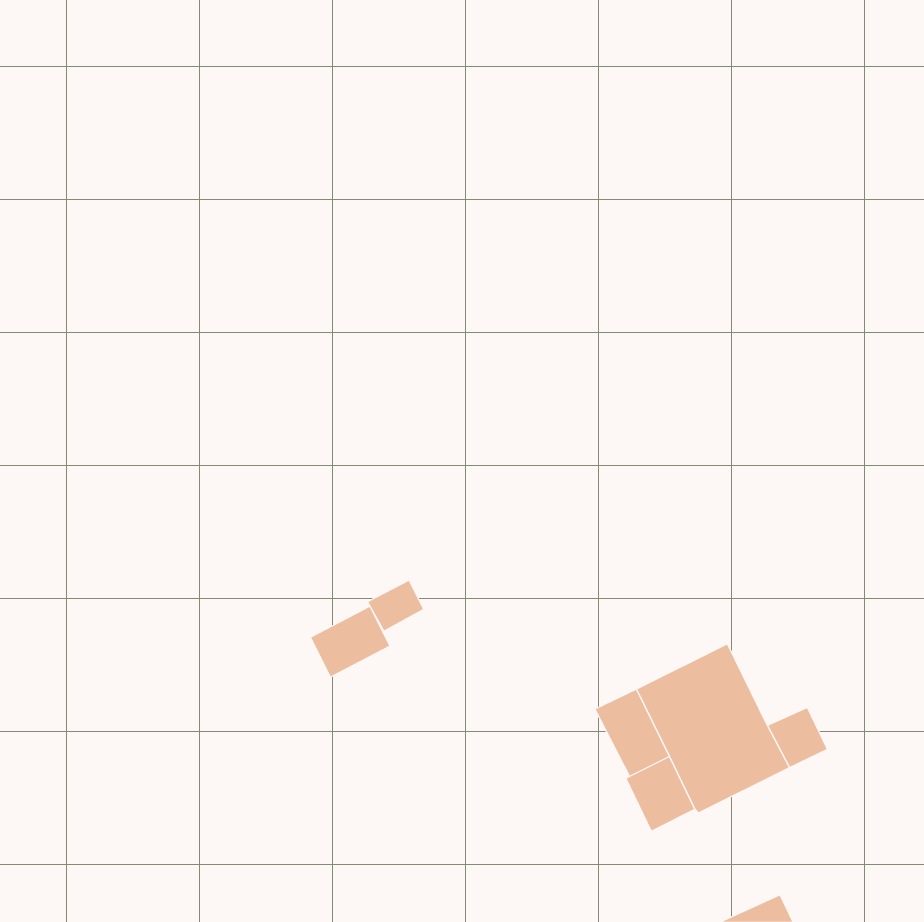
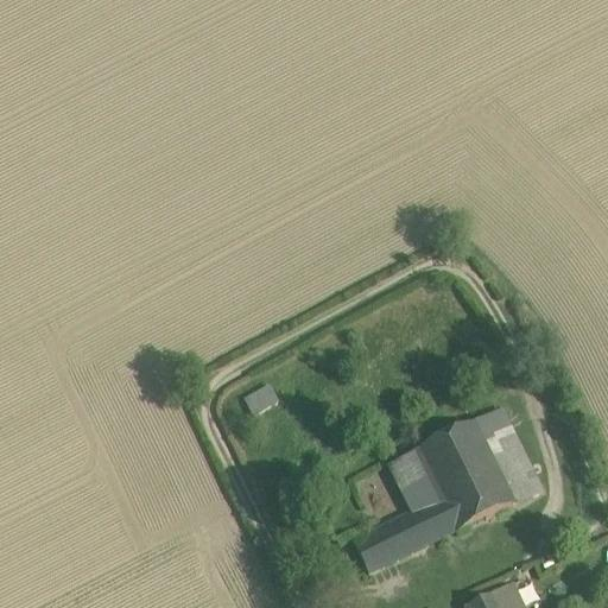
building: [310,606,390,677] -> none
building: none -> [475,407,527,474]
building: none -> [350,508,425,571]

